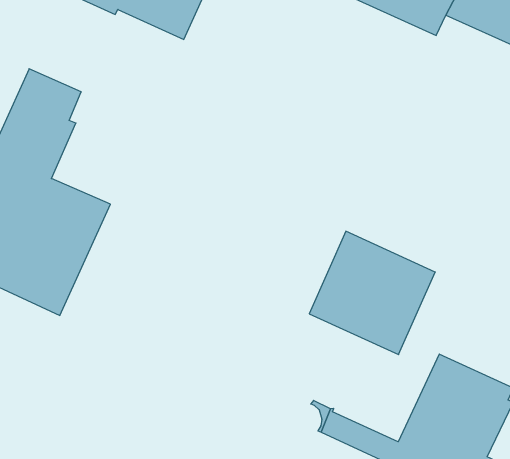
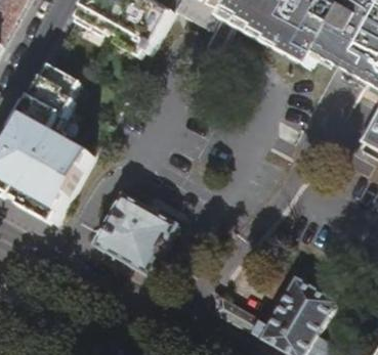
building: [309,231,435,355] -> [95,193,177,274]

